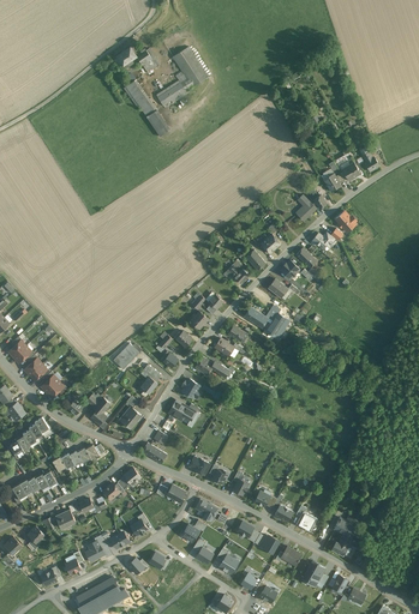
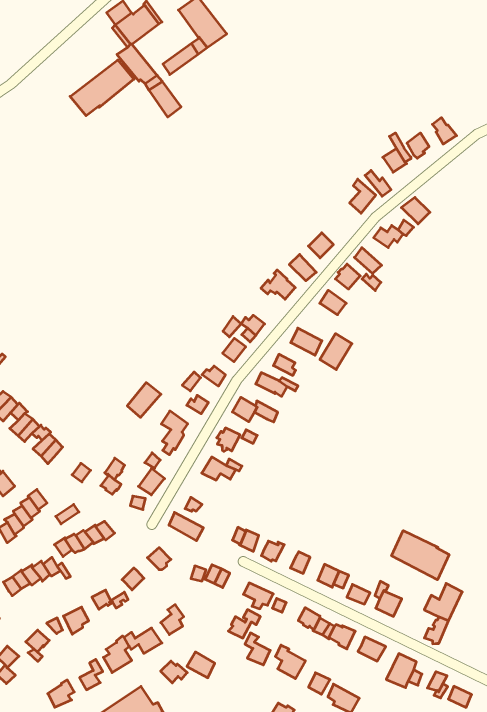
building: none -> [70,60,134,116]
building: none -> [392,531,449,580]

